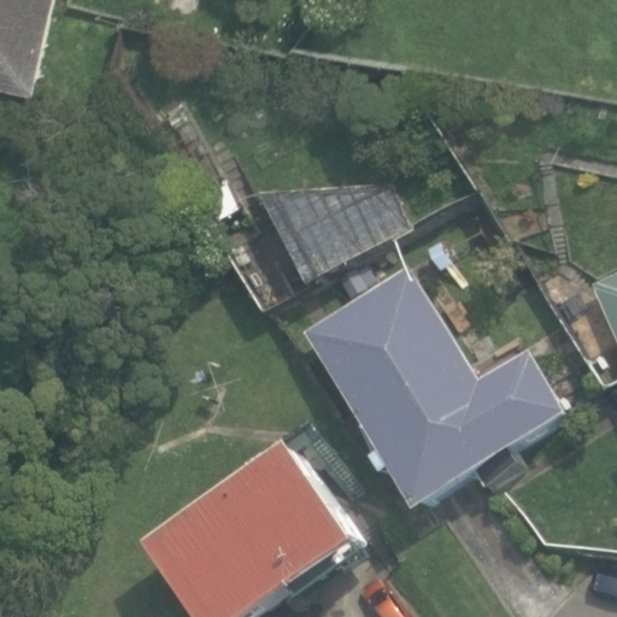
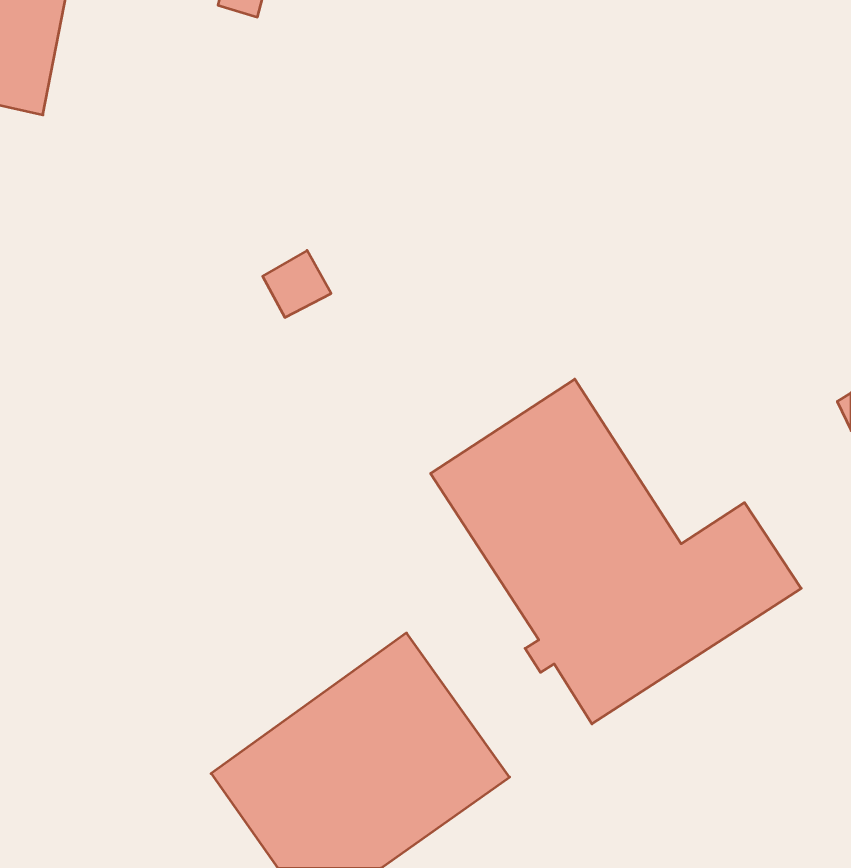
building: [254,181,406,284] -> none

